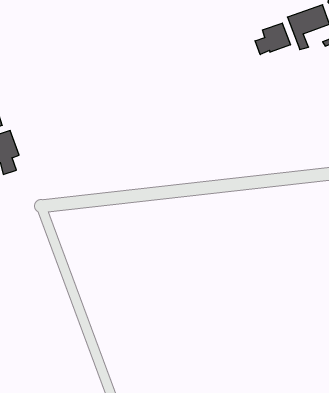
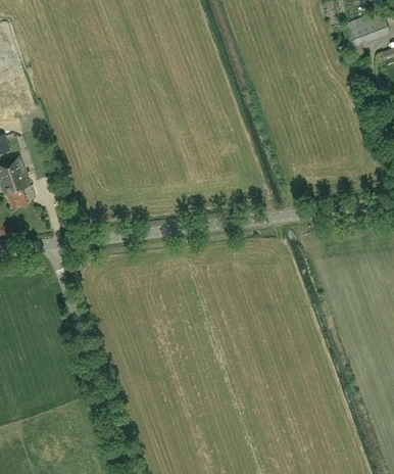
building: [255,23,290,55] -> none

